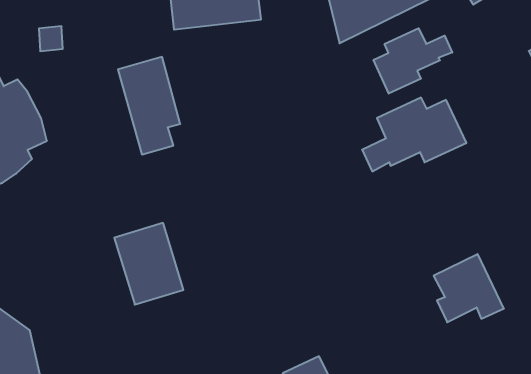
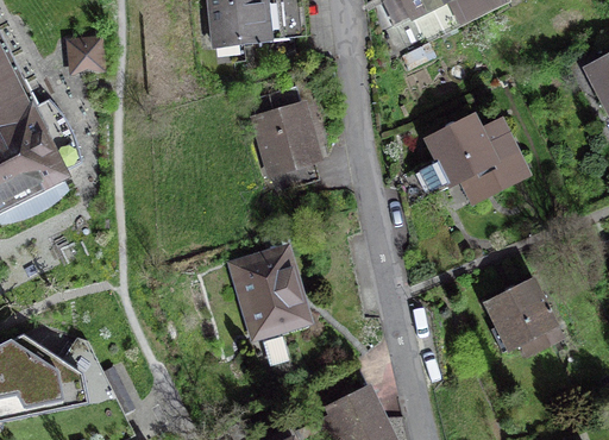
building: [374,28,452,94] -> none
building: [118,57,180,154] -> [250,89,315,191]
building: [114,223,183,305] -> [232,250,304,335]

